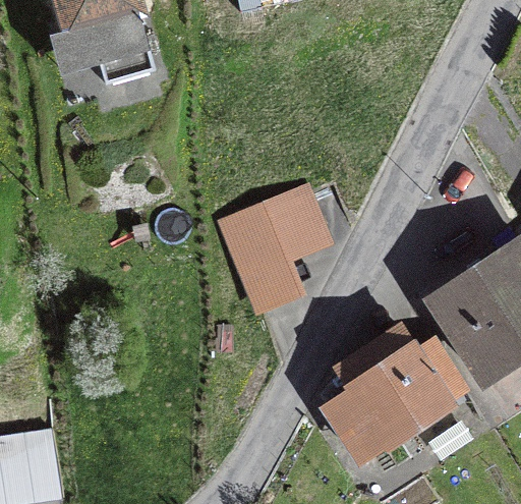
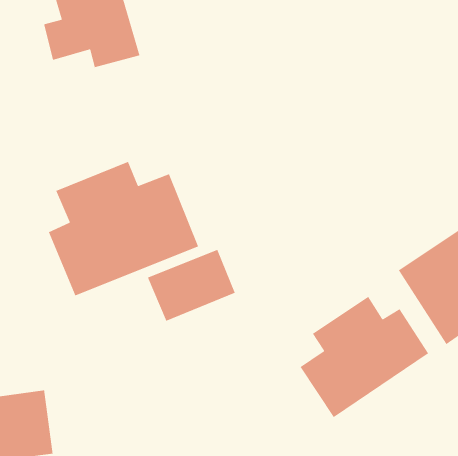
building: none -> [48,161,199,297]
building: [227,193,323,272] -> [147,249,236,322]

